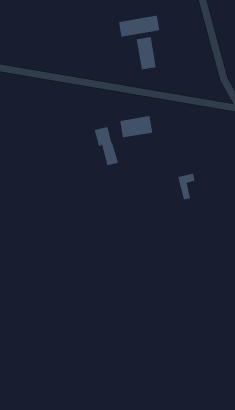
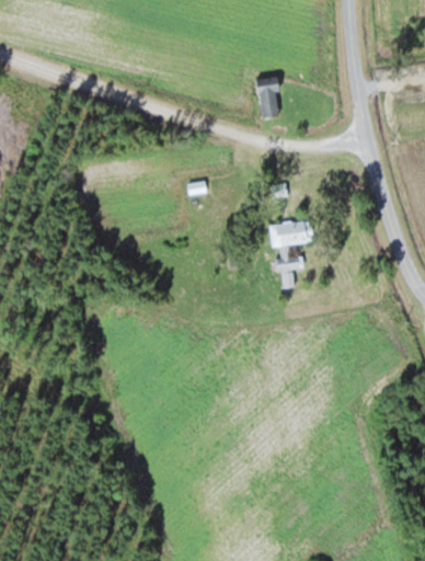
building: [118,15,160,37] -> none
building: [119,116,153,138] -> [271,222,310,244]

